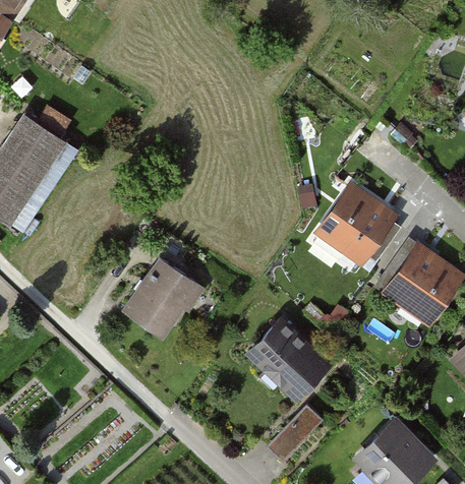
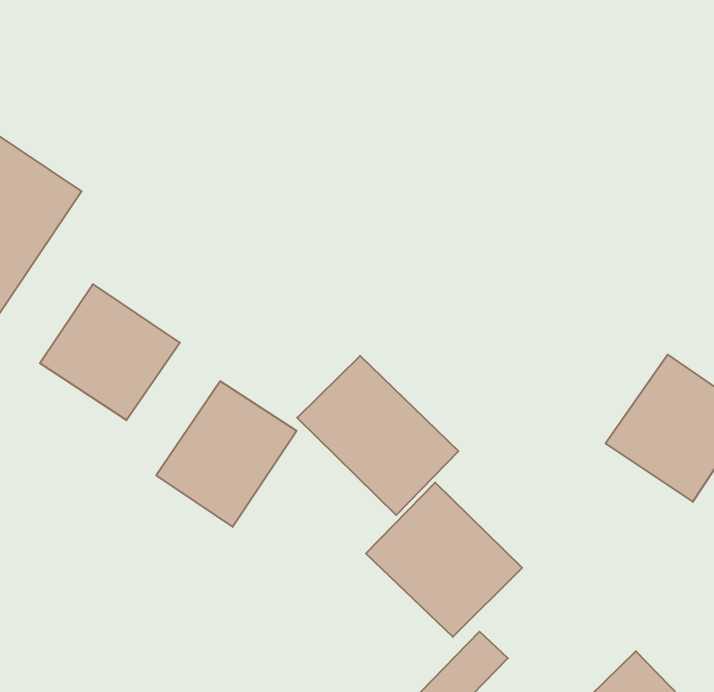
building: [314,183,395,264] -> none
building: none -> [40,284,180,420]
building: none -> [297,356,458,515]

